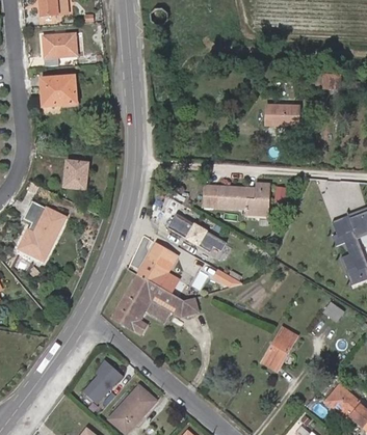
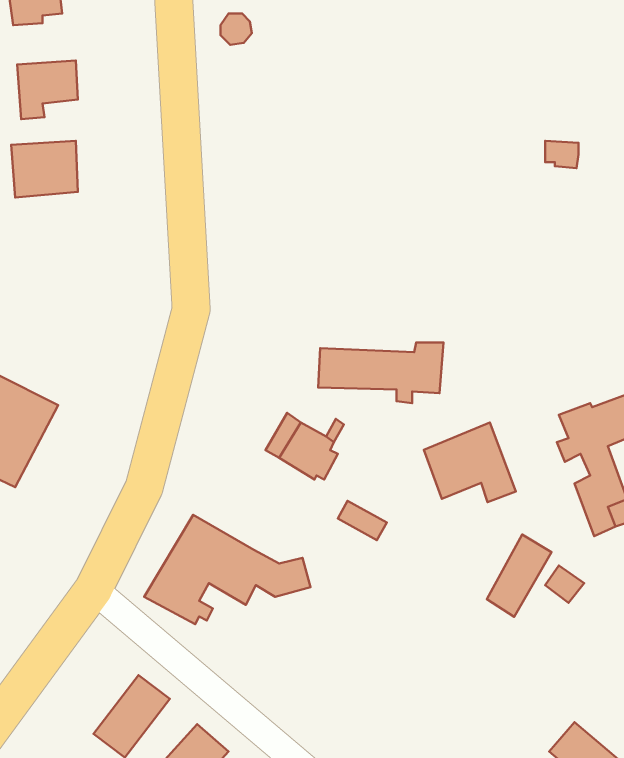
building: [266,105,298,126] -> none
building: [64,161,88,188] -> none
building: none -> [424,423,516,502]
building: [137,242,182,293] -> none
building: [263,326,297,370] -> [487,535,551,617]

